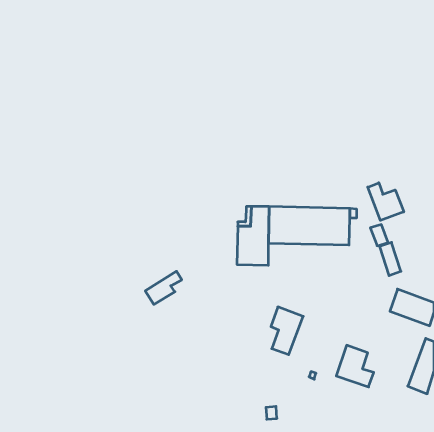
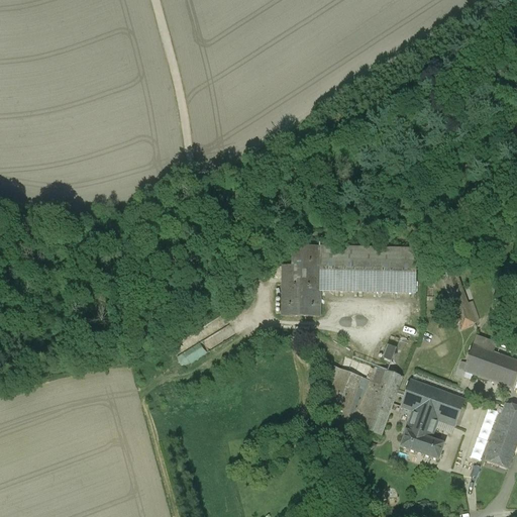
building: [368,183,404,220] -> none
building: none -> [343,366,403,435]
building: none -> [401,379,464,425]

